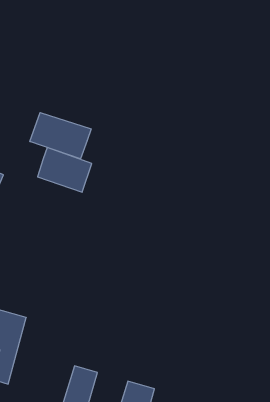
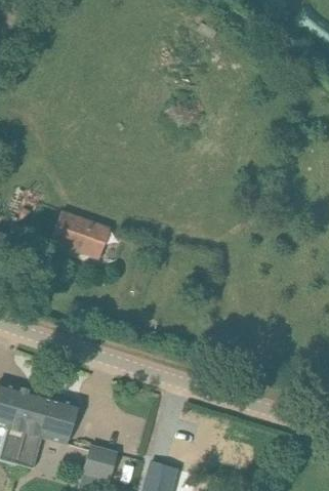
building: [30,113,91,159] -> none
building: none -> [19,392,79,468]

